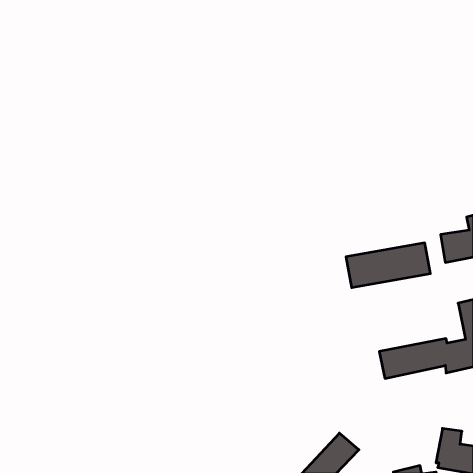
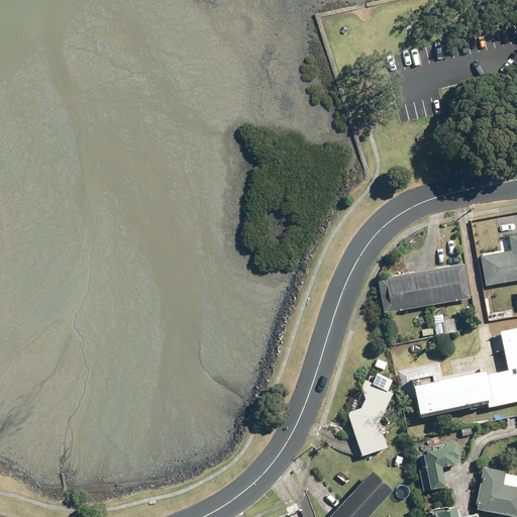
building: none -> [347,373,392,457]
building: none -> [419,446,461,493]

